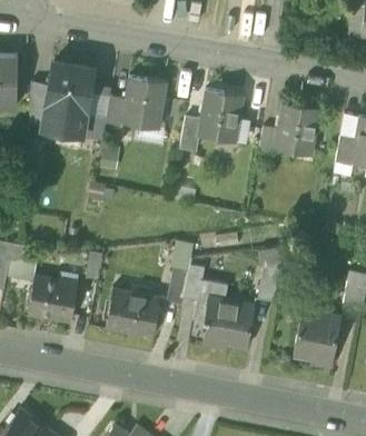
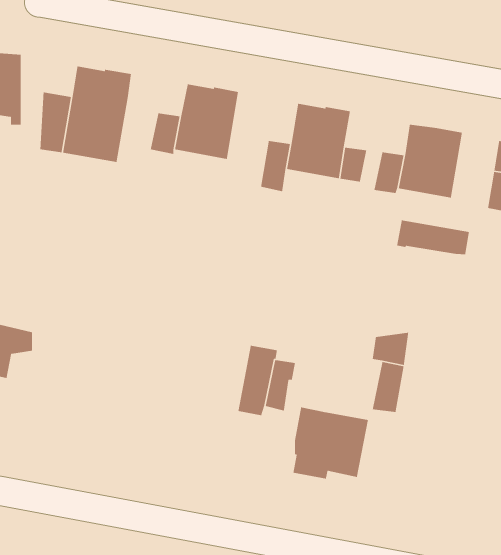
building: [82,86,111,139] -> none
building: none -> [396,219,470,255]
building: [27,276,77,318] -> none
building: [192,279,228,320] -> none
building: [106,289,160,334] -> none
building: [294,309,340,366] -> none

